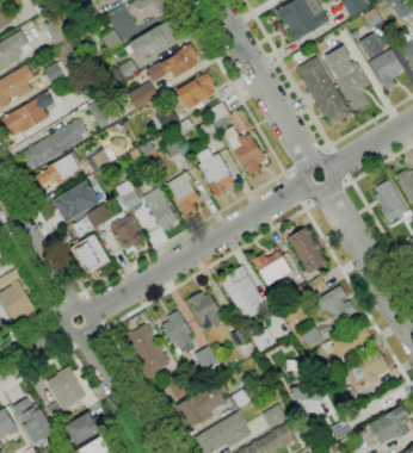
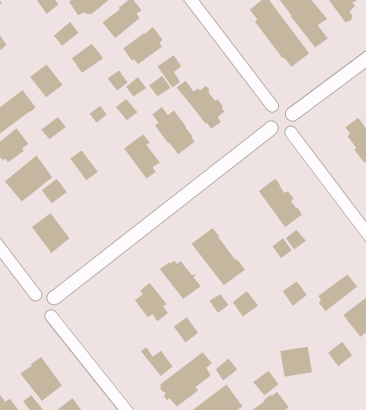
building: [142,186,177,231] -> none
building: [111,217,143,250] -> none
building: [251,252,292,286] -> none
building: [315,286,355,324] -> none
building: [122,324,171,378] -> none

